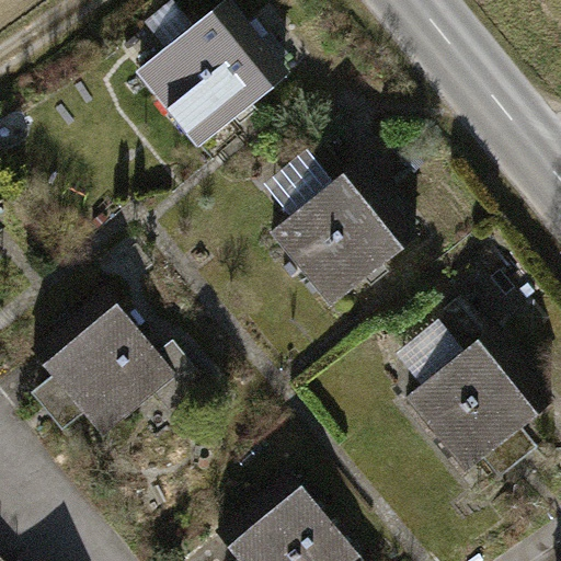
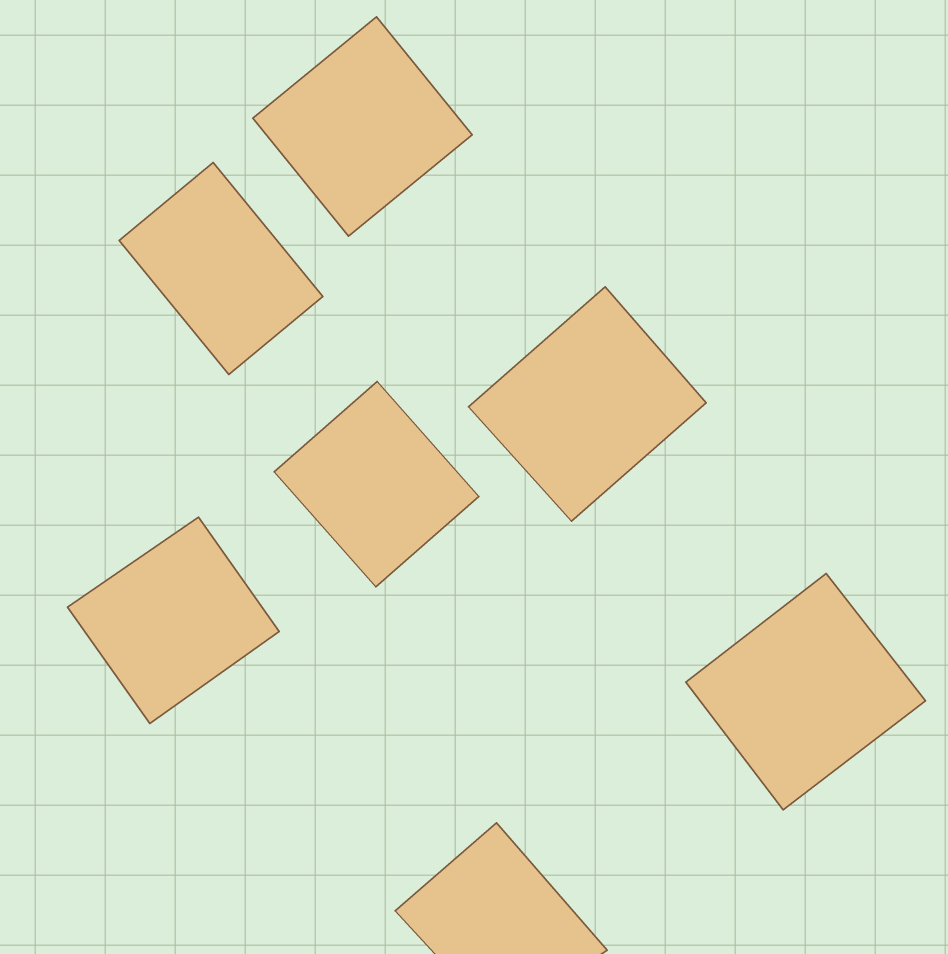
building: none -> [119,163,323,375]
building: none -> [274,382,479,587]

